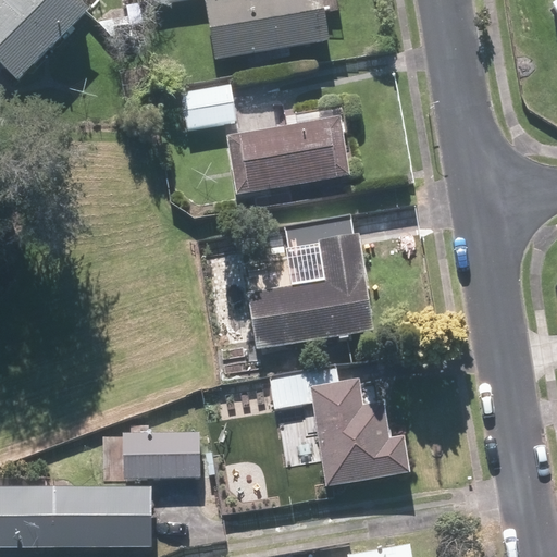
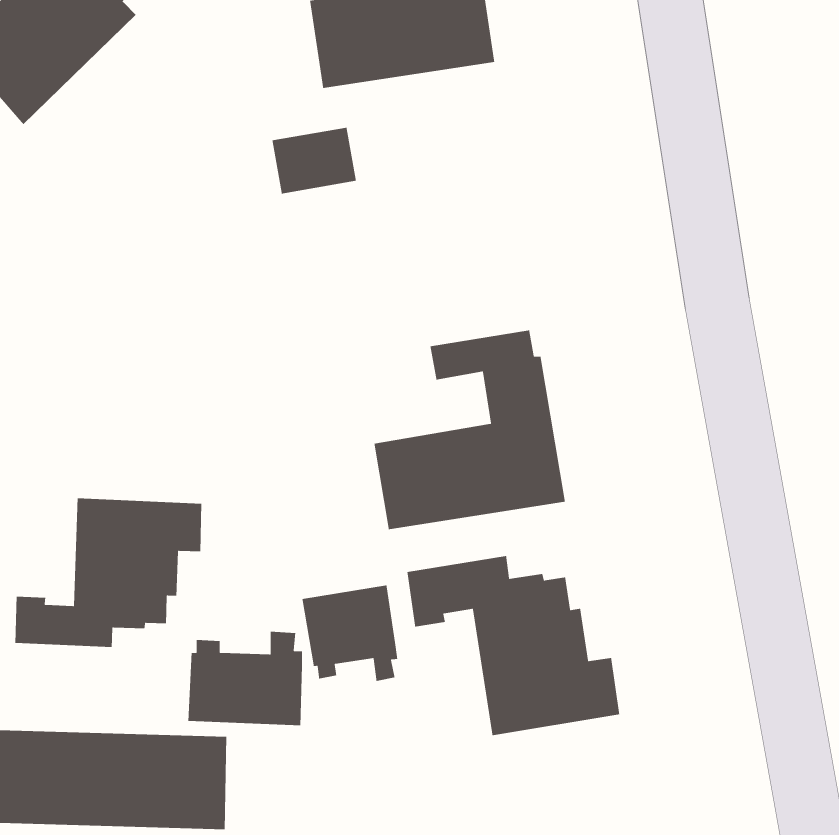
building: [225,116,349,195] -> none
building: none -> [15,497,202,648]
building: none -> [302,585,398,682]

